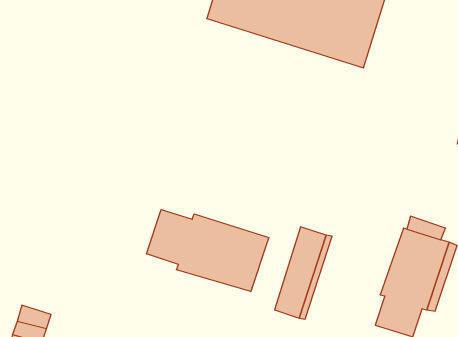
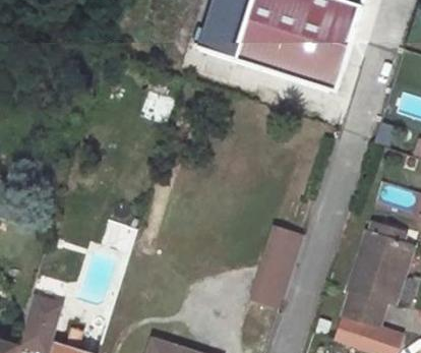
building: [146,210,269,292] -> none

